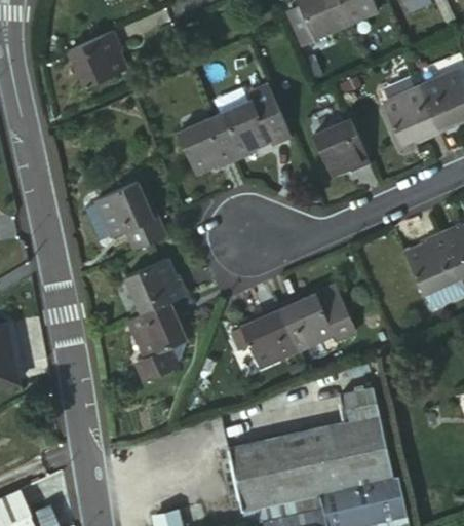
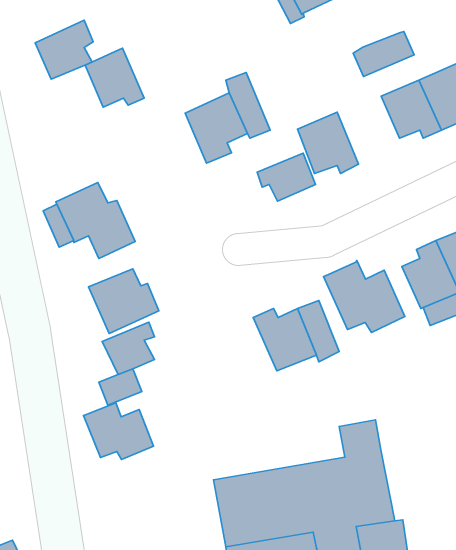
building: none -> [353,31,414,77]
building: [176,118,229,172] -> [85,48,144,107]
building: none -> [257,153,316,201]
building: none -> [323,260,405,333]
building: [239,303,293,367] -> none
building: none -> [84,402,153,459]

